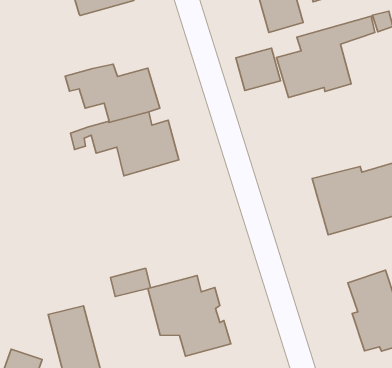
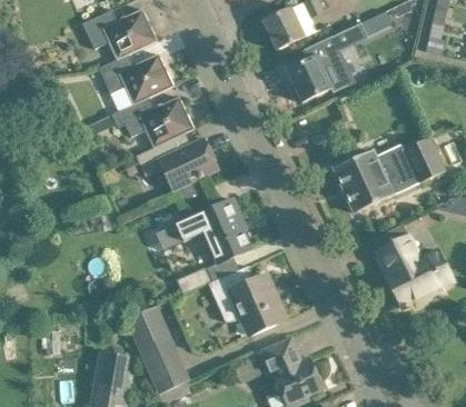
building: none -> [96,52,172,103]
building: [236,48,281,90] -> none
building: none -> [158,198,249,264]

